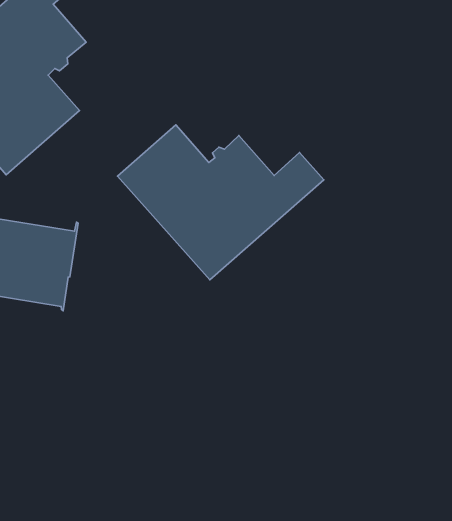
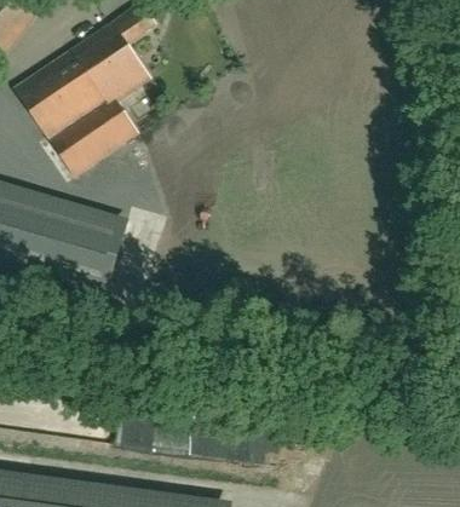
building: [117,125,324,280] -> none

